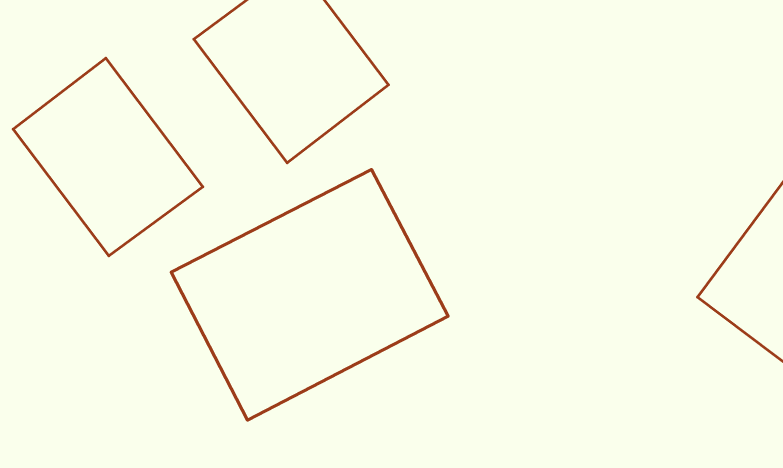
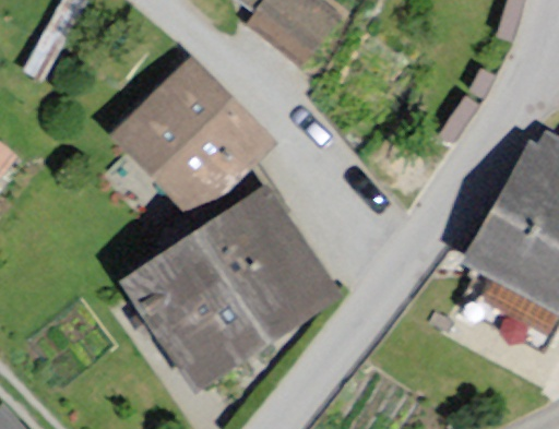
building: [13,58,203,256] -> none

